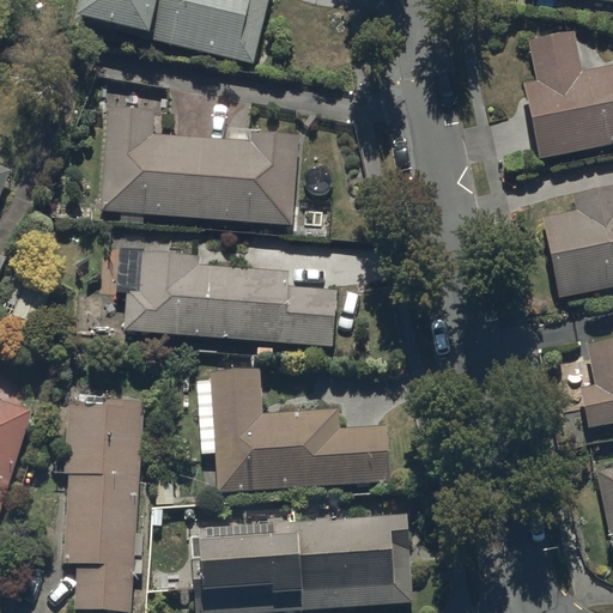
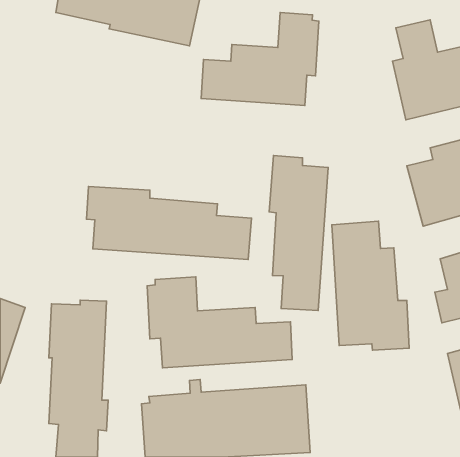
building: none -> [201,12,319,106]
building: [99,104,298,225] -> none
building: none -> [269,156,328,310]
building: none -> [332,221,409,350]

